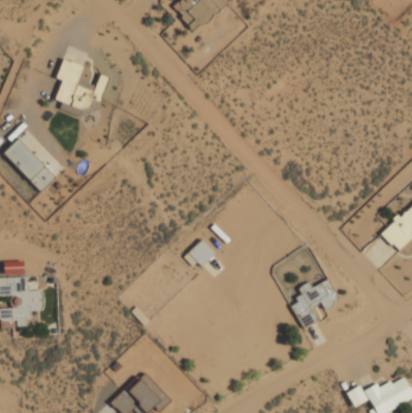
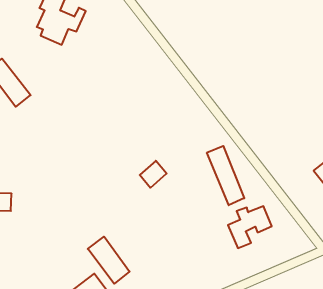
building: none -> [207,146,244,205]
building: none -> [88,237,130,284]

